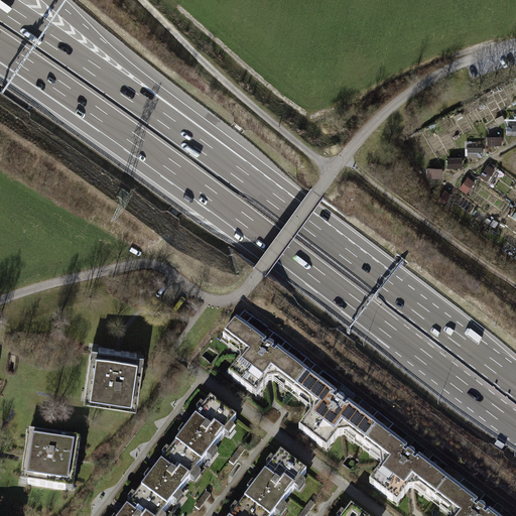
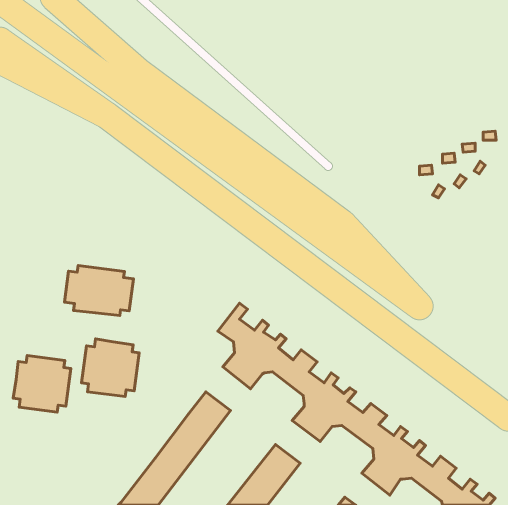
building: none -> [65,265,133,316]
building: [19,429,78,487] -> [13,355,71,412]

